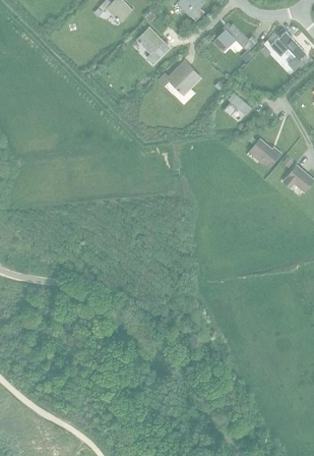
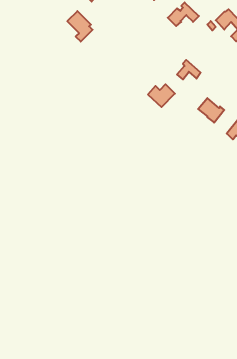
building: [136,26,167,63] -> [67,11,93,42]
building: [168,65,200,93] -> [148,84,175,107]

